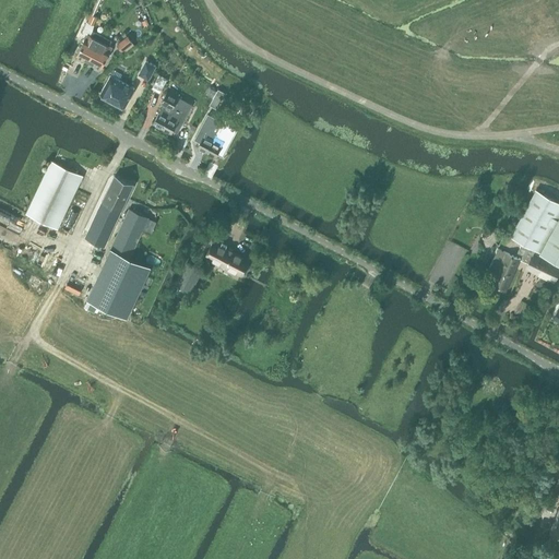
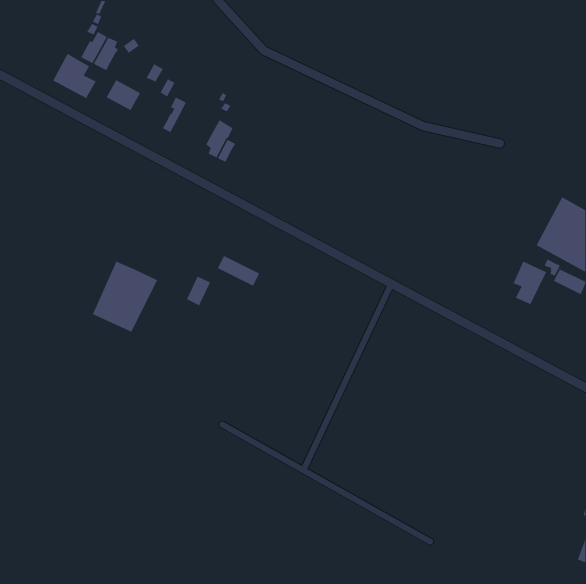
building: none -> [52,53,97,99]
building: [163,99,192,133] -> none
building: [26,163,83,230] -> none
building: [85,177,133,248] -> none
building: [110,211,148,259] -> none

